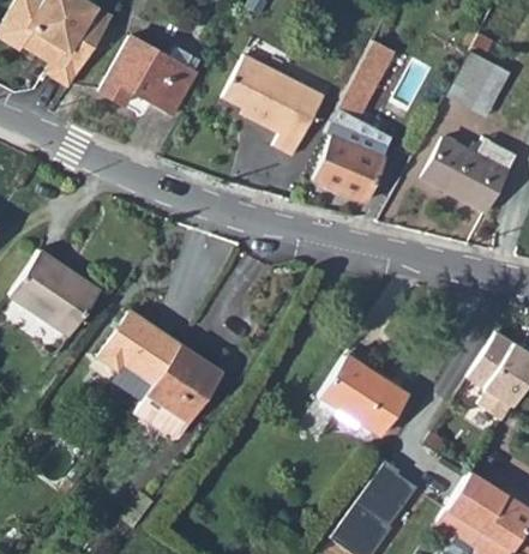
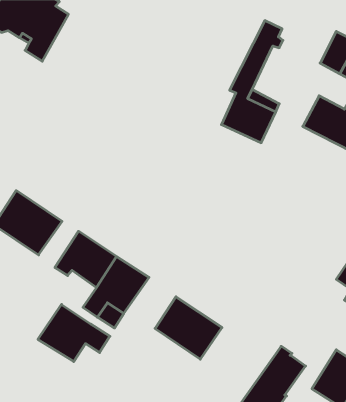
building: [103,36,200,118] -> none
building: [227,53,323,151] -> none
building: [329,356,417,439] -> [155,297,222,359]
building: none -> [38,304,110,362]

